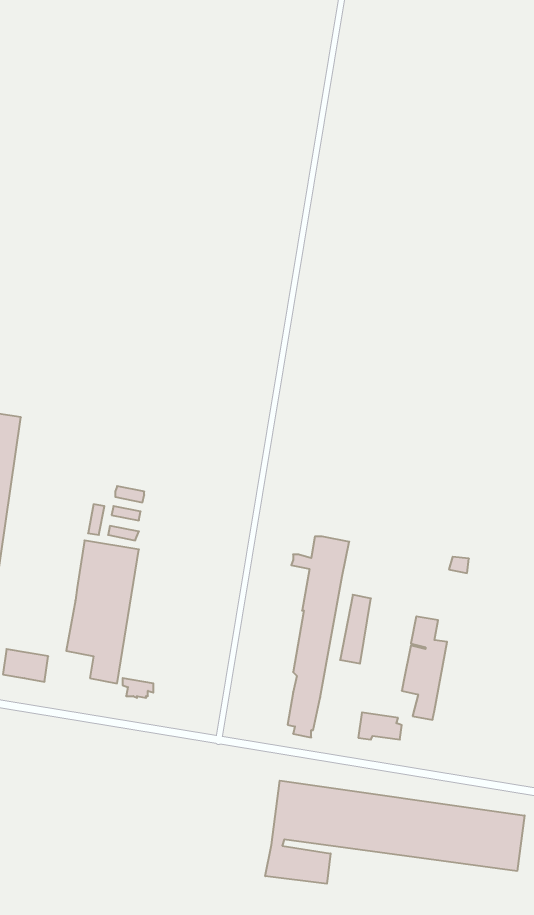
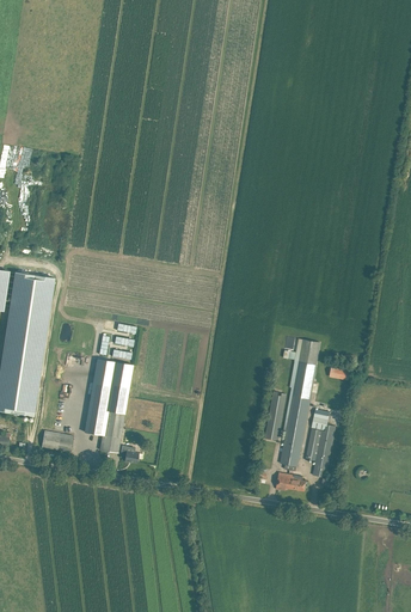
building: [288,536,349,737] -> [280,338,320,471]
building: [265,781,525,884] -> none

